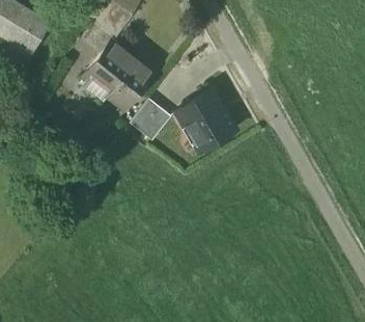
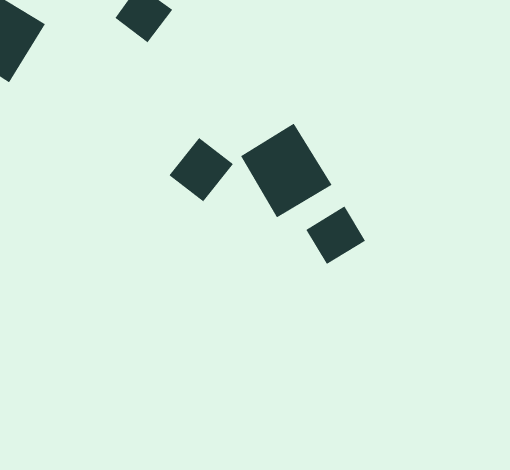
building: [83,42,151,108] -> none
building: none -> [306,206,366,265]

